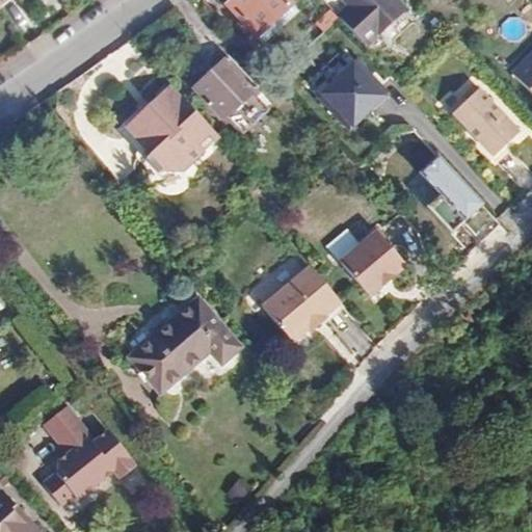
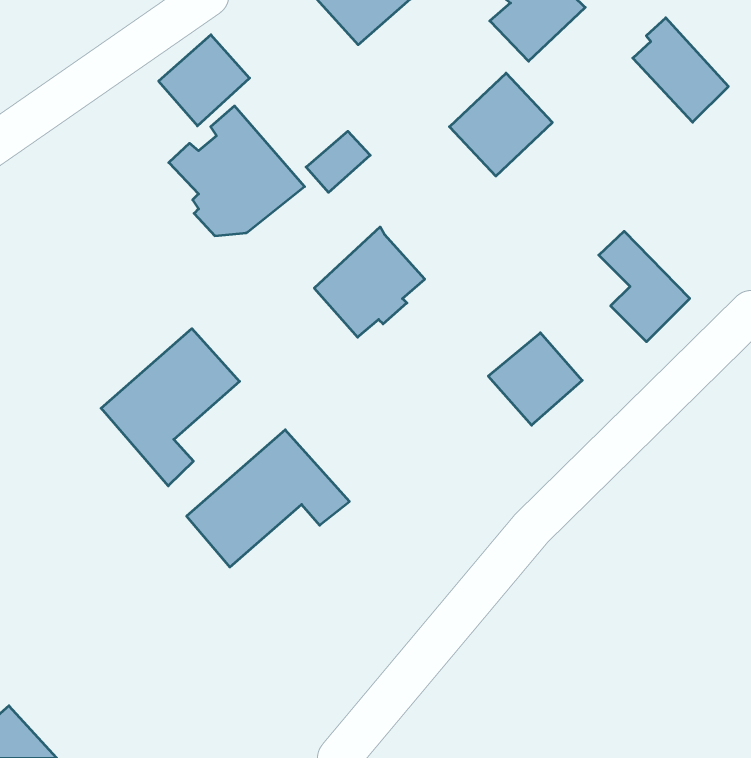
building: [186,46,249,109] -> [159,35,250,126]
building: [444,84,510,157] -> [633,18,728,122]
building: none -> [101,329,240,486]
building: [265,264,342,341] -> [314,227,425,337]
building: [48,409,141,511] -> none

